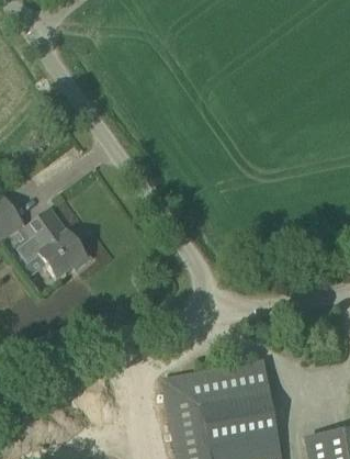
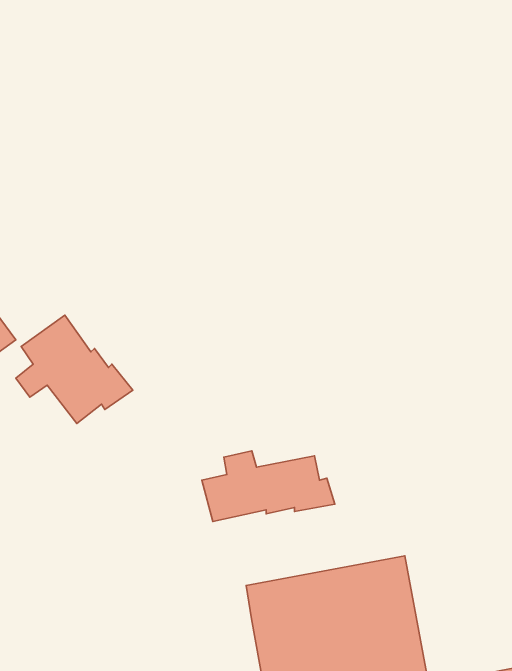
building: none -> [202,451,335,522]

